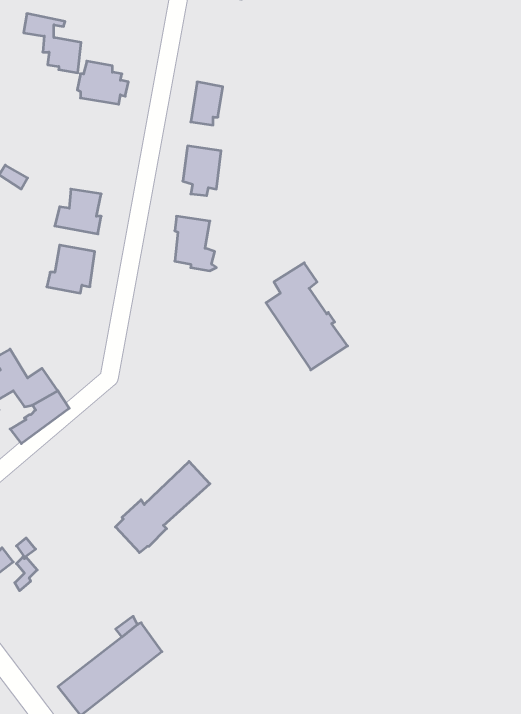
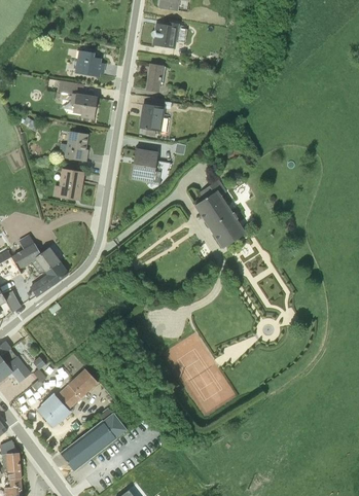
building: [24,14,81,73] -> [58,79,95,117]
building: none -> [152,24,178,49]
building: [115,461,210,553] -> [37,367,98,426]

